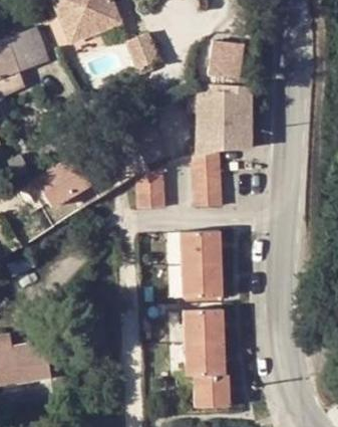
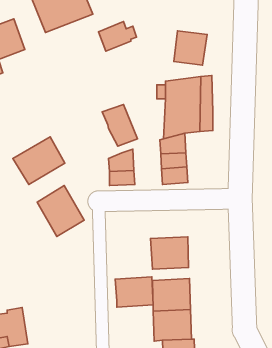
building: none -> [37,186,84,237]
building: [182,230,223,265] -> none
building: none -> [115,277,153,307]

